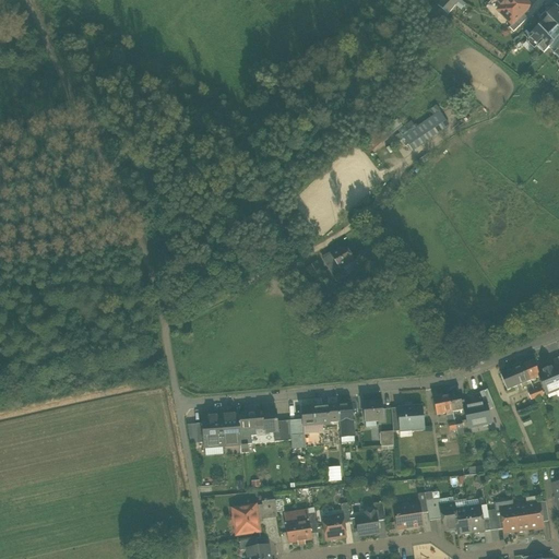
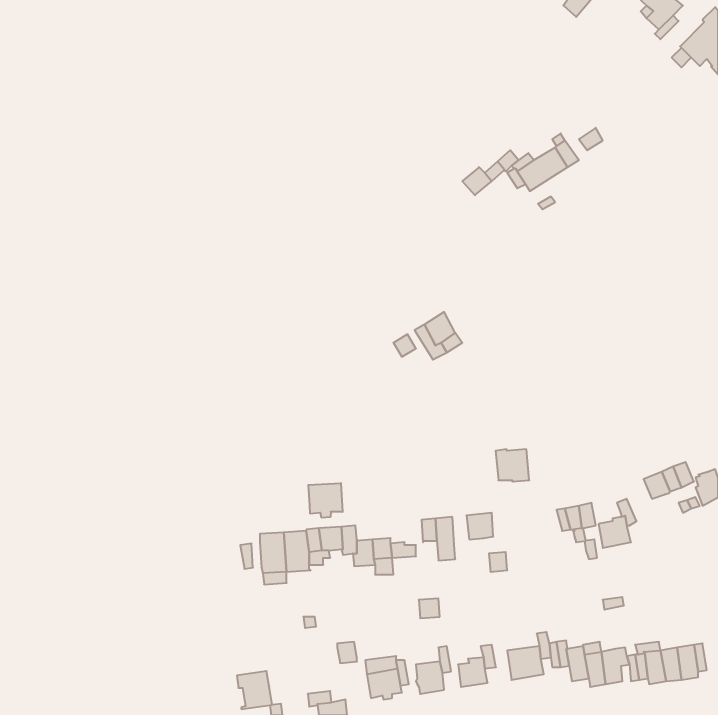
building: none -> [308,483,343,518]
building: [302,404,330,424] -> none
building: [397,404,424,429] -> [496,449,529,482]
building: [233,504,260,534] -> [237,671,272,709]

